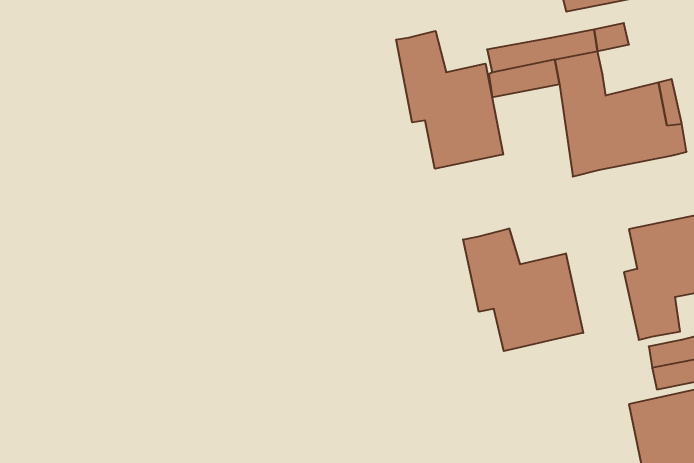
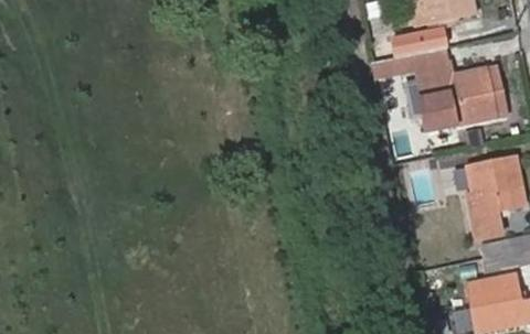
building: [396,31,503,169] -> none
building: [463,228,583,351] -> none

